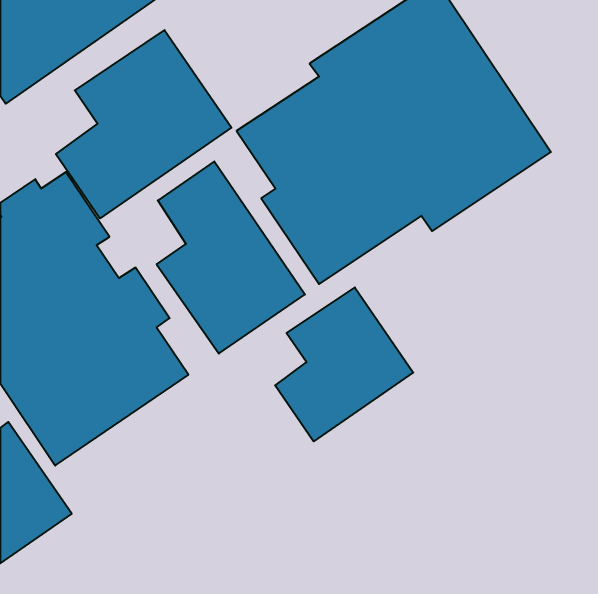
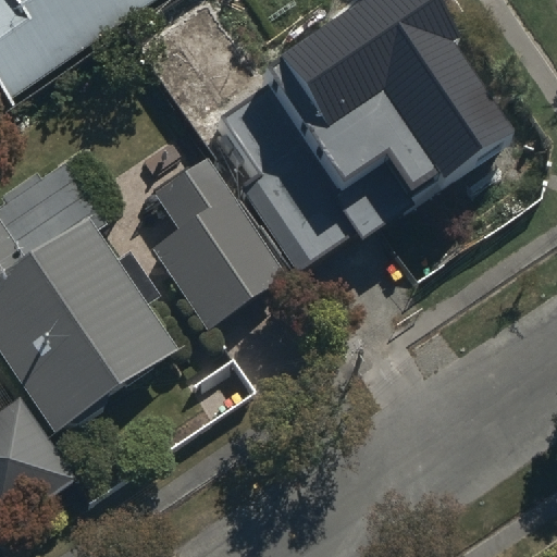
building: [56,30,231,218] -> none
building: [275,287,413,441] -> none

